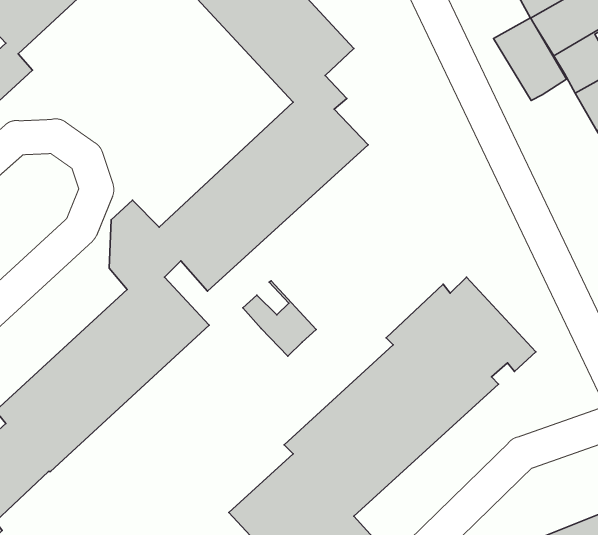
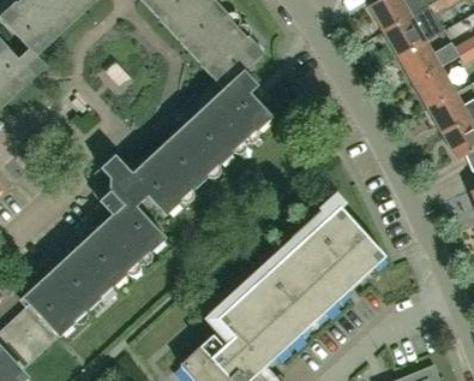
building: [494,18,567,101] -> none
building: [243,281,316,356] -> none

